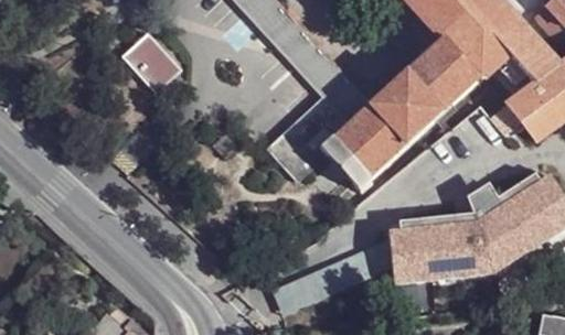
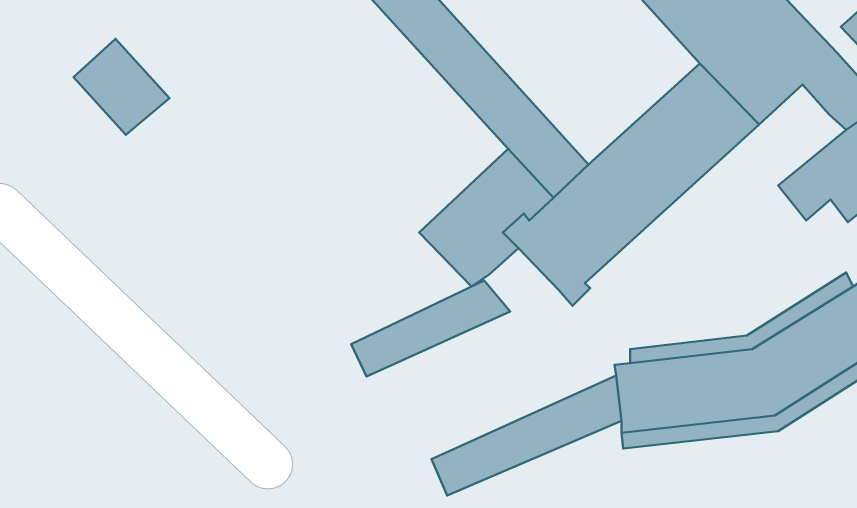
building: [120,30,181,90] -> [74,39,169,135]
building: none -> [351,281,510,376]

